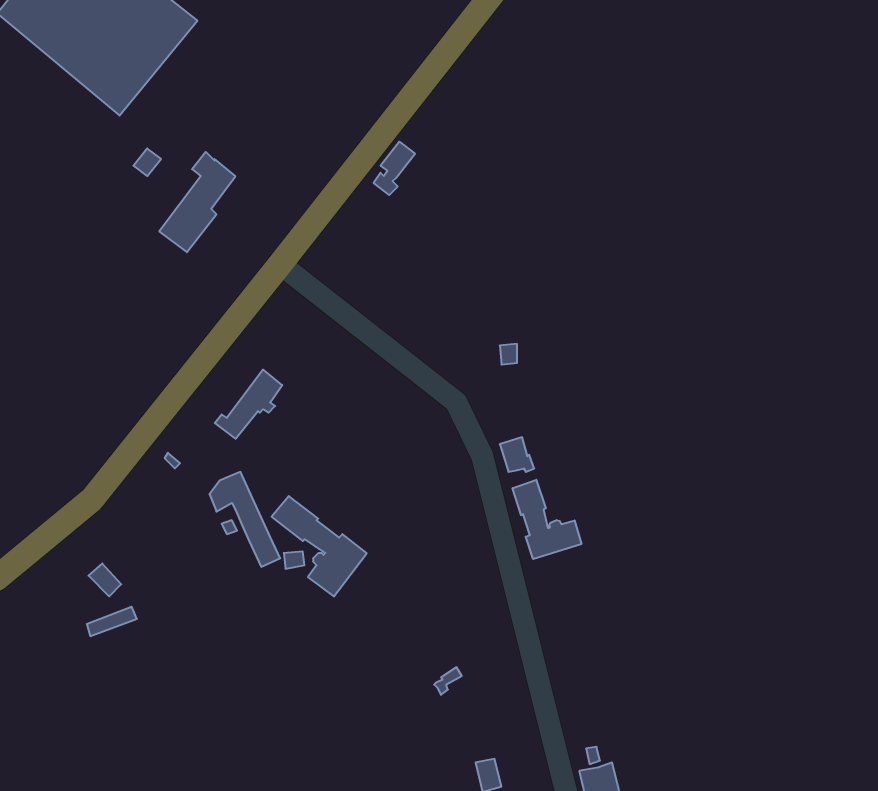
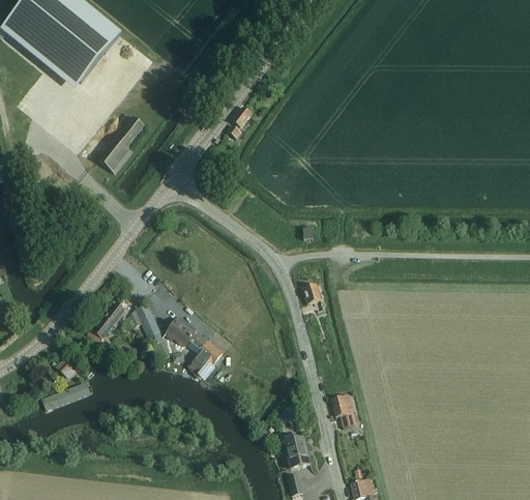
building: [215,370,282,439] -> [87,300,127,342]
building: [513,480,581,559] -> none
building: none -> [331,394,356,427]
building: none -> [285,436,311,467]

